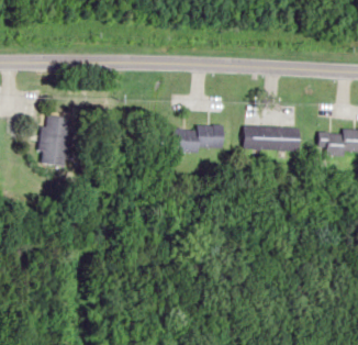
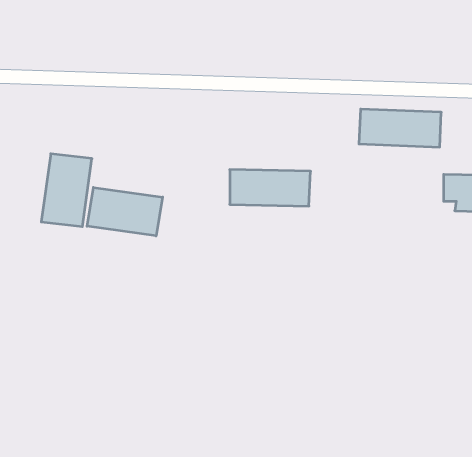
building: [243,125,300,152] -> [359,109,441,147]
building: none -> [87,187,163,236]

